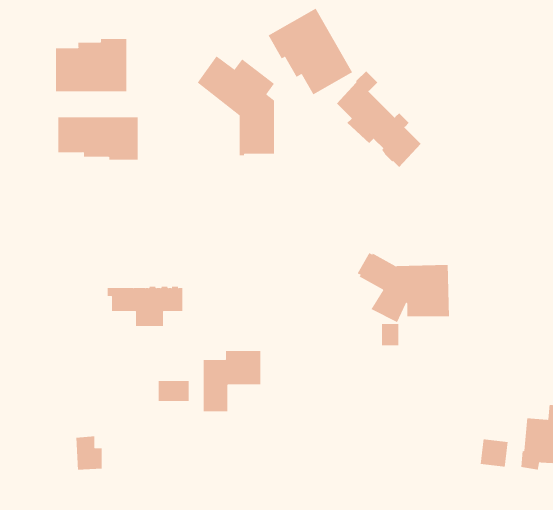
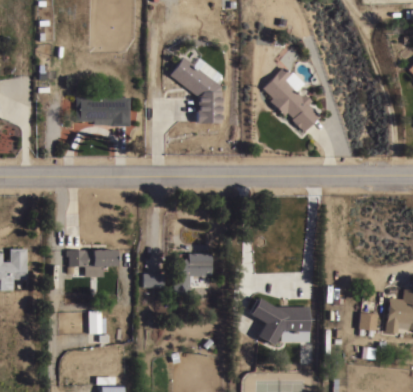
building: [268,8,353,95] -> none
building: [55,38,127,92] -> none
building: [357,252,450,323] -> [248,298,310,345]
building: [107,286,183,327] -> [66,249,117,276]

